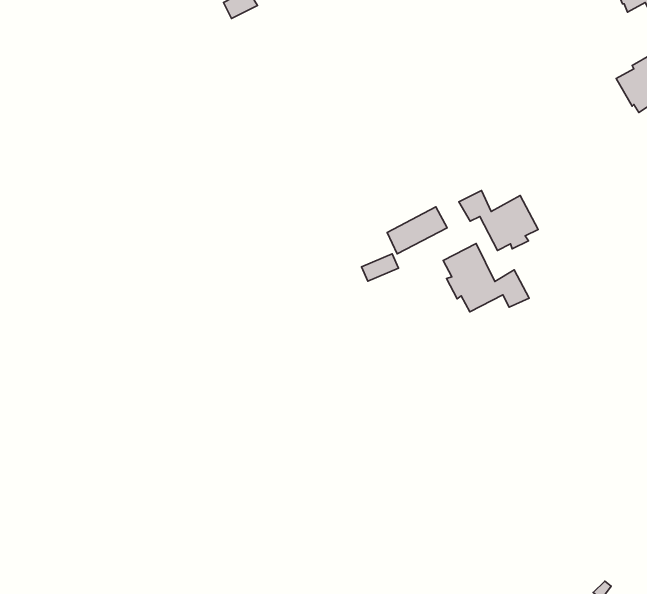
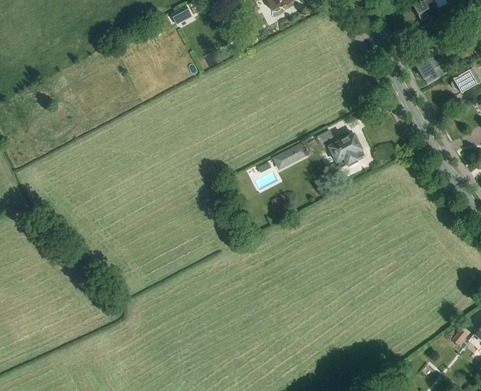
building: [443,243,529,312] -> none

